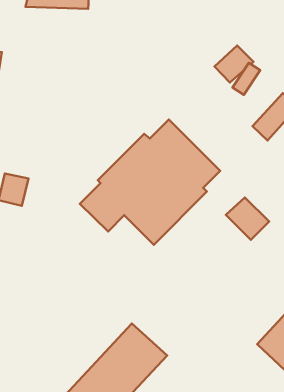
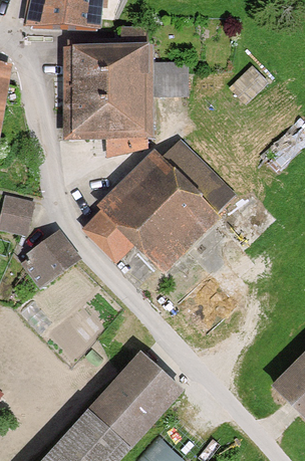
building: none -> [66,30,187,155]
building: [226,198,269,240] -> none
building: none -> [23,236,74,283]

